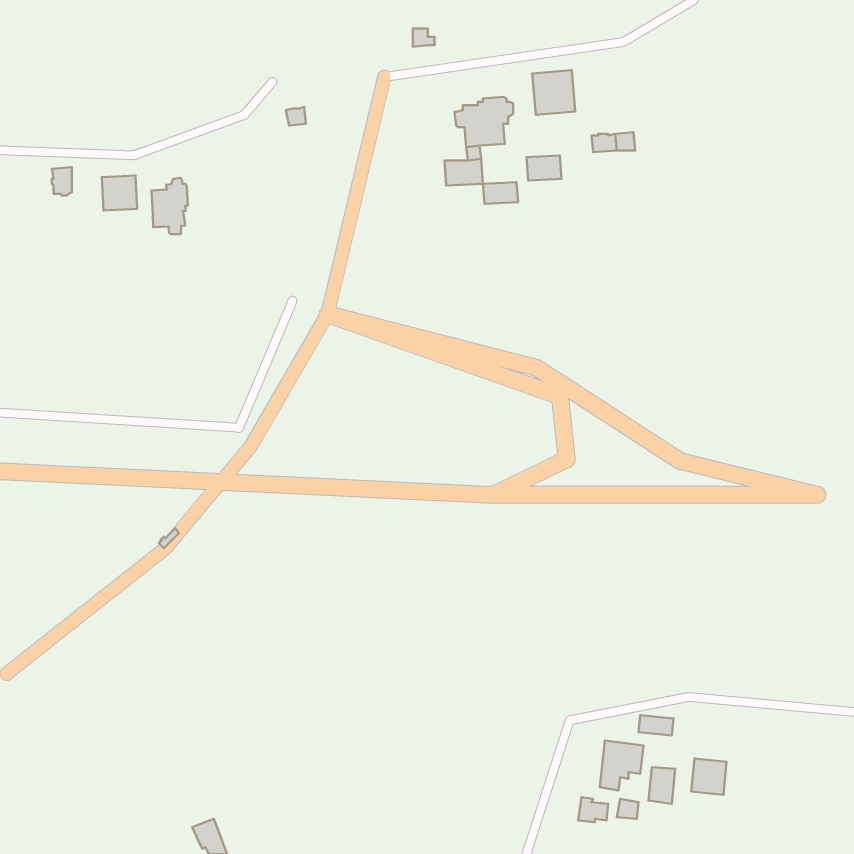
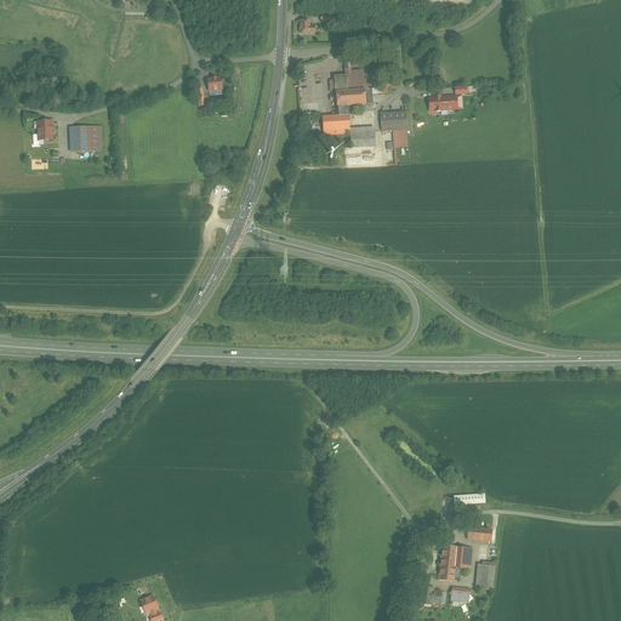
building: [532,70,575,115] -> none
building: [151,178,188,234] -> none
building: [691,759,727,795] -> none

